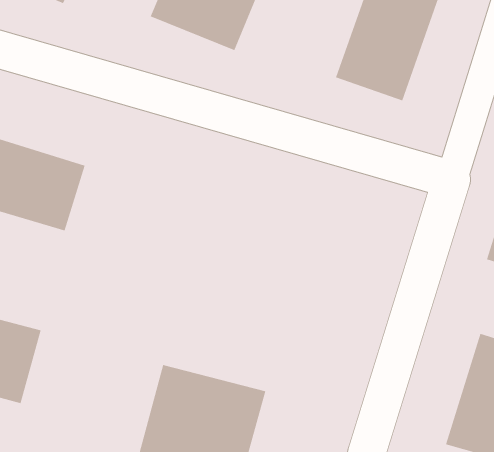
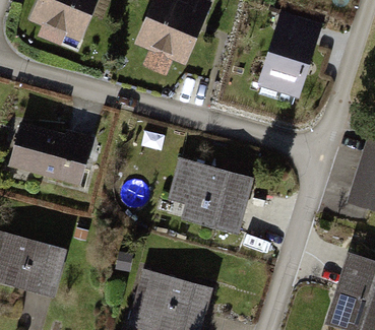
building: none -> [168,157,252,235]

